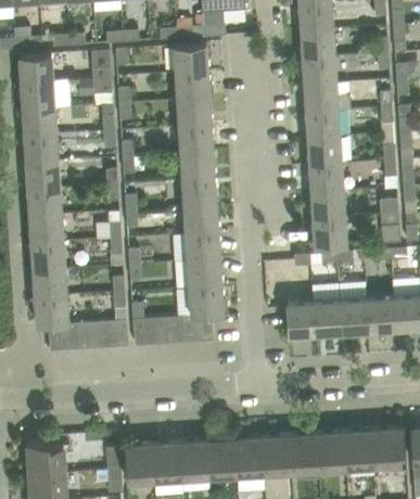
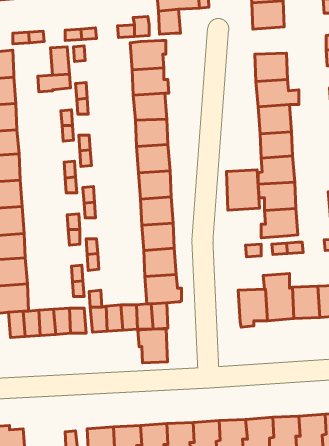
building: [301,29,335,57] -> none
building: none -> [227,170,260,210]
building: none -> [138,329,168,363]

